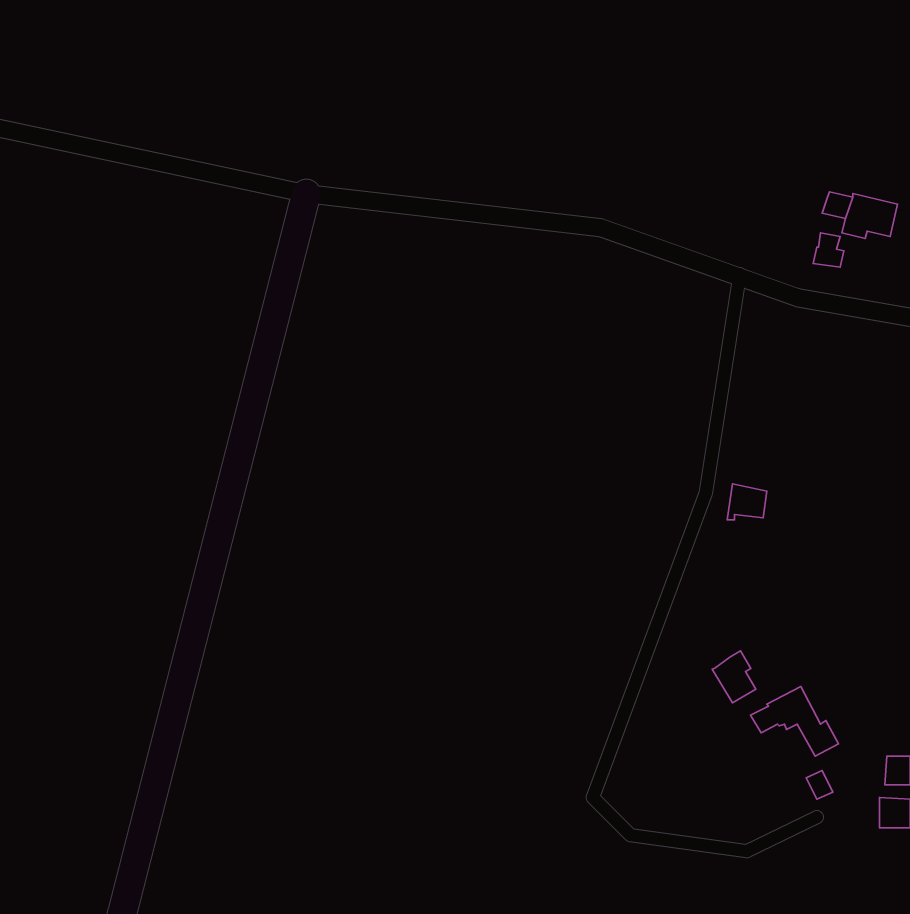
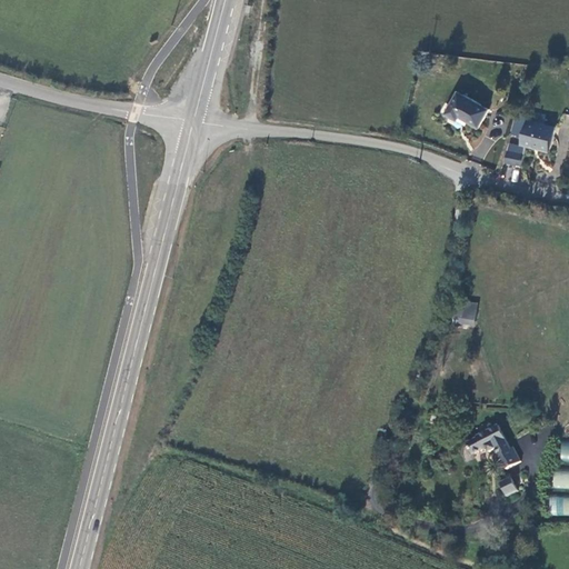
building: none -> [445,93,490,129]
building: [712,651,756,703] -> none

